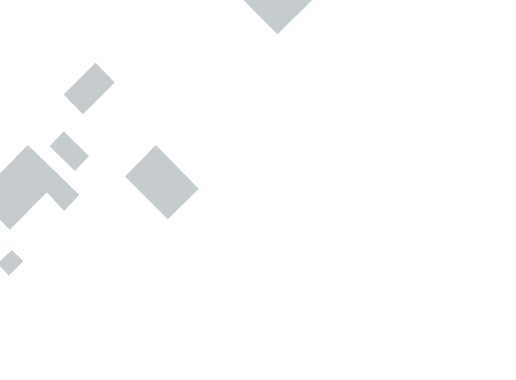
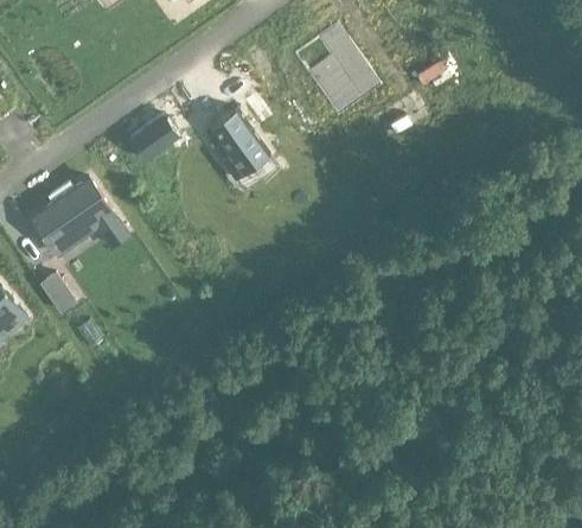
building: [49,130,90,172] -> none
building: [124,144,199,220] -> [202,108,269,180]

